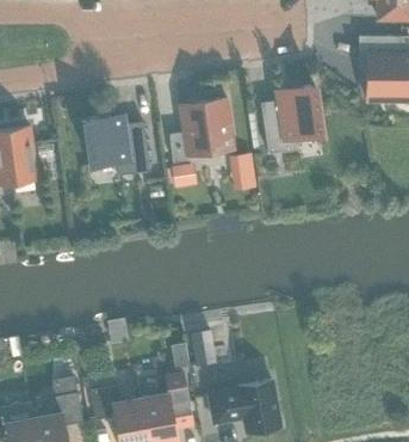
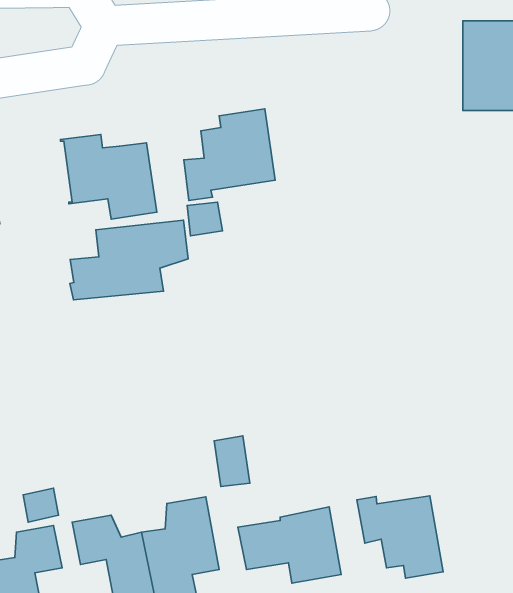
building: [261,85,322,153] -> none
building: [229,153,256,190] -> none
building: none -> [70,220,188,300]
building: none -> [357,496,443,578]

